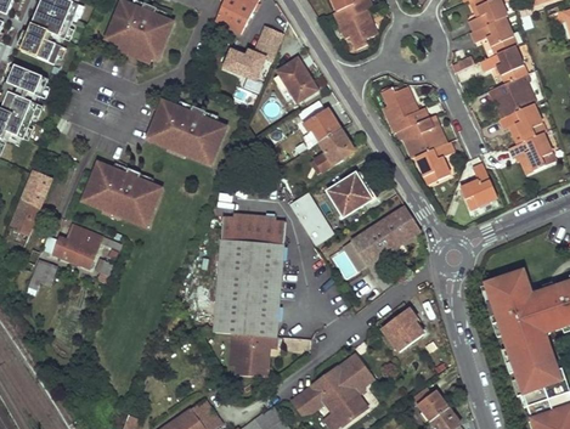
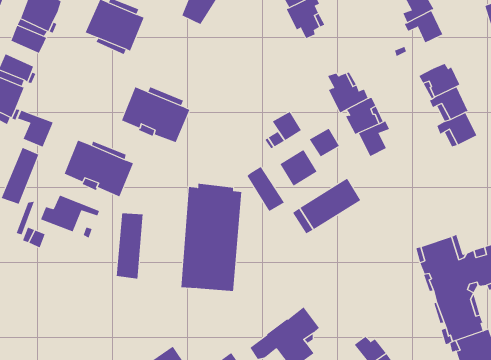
building: [224,26,282,78] -> none
building: [479,43,525,80] -> none
building: [277,57,316,101] -> none
building: [304,108,339,142] -> [309,128,340,158]
building: none -> [17,110,54,148]
building: [458,162,498,208] -> none
building: none -> [116,213,143,280]
building: [382,307,427,350] -> none
building: [228,332,275,377] -> none

